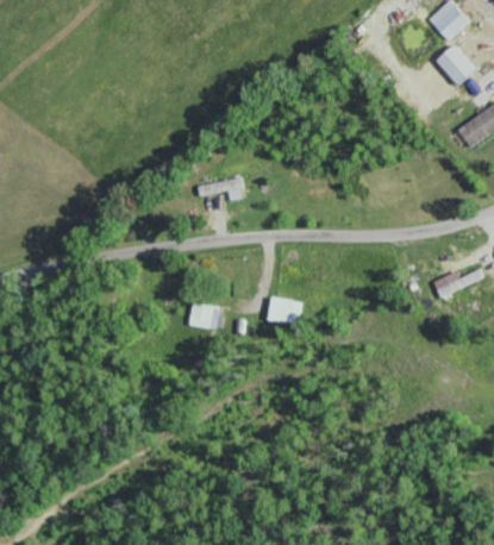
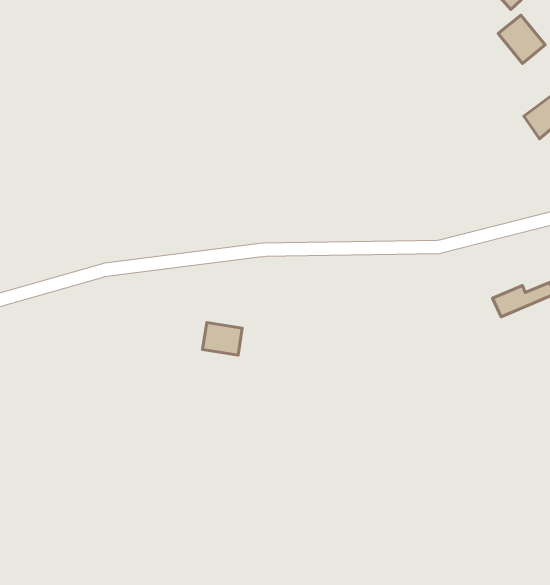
building: [196,177,245,201] -> none
building: [269,297,293,324] -> none

